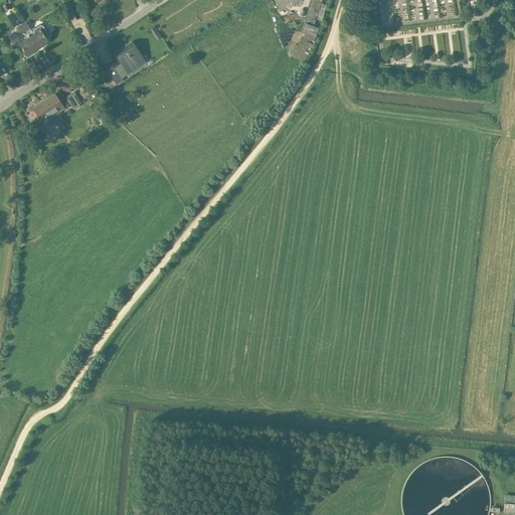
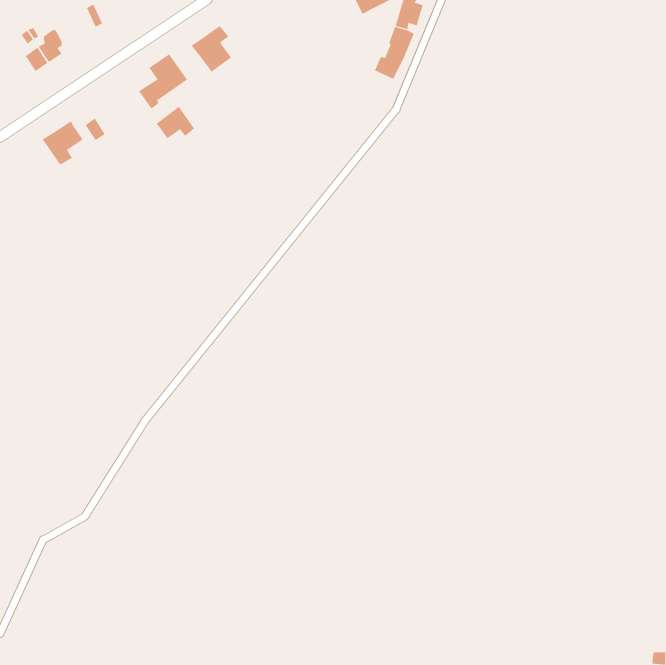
building: none -> [191,25,232,73]
building: none -> [155,106,195,139]

